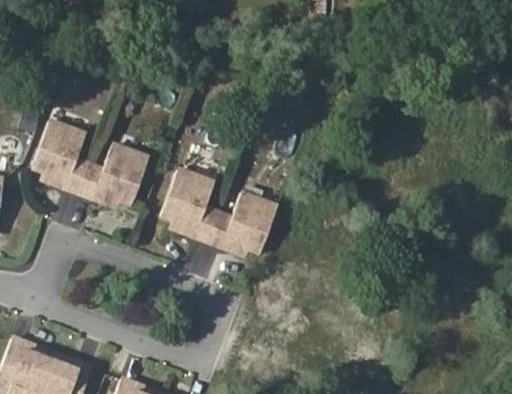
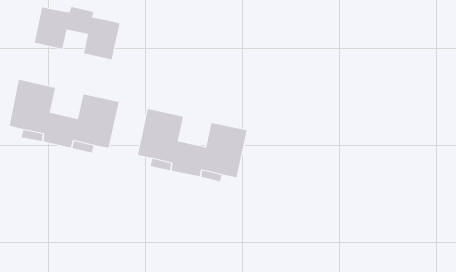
building: none -> [34,6,120,60]

